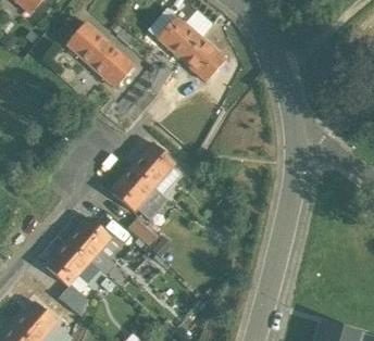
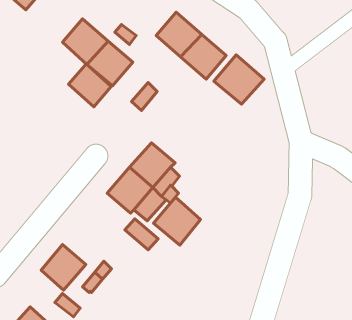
building: none -> [214,55,264,104]
building: none -> [68,64,111,107]
building: none -> [154,197,201,245]
building: [67,217,112,261] -> none

